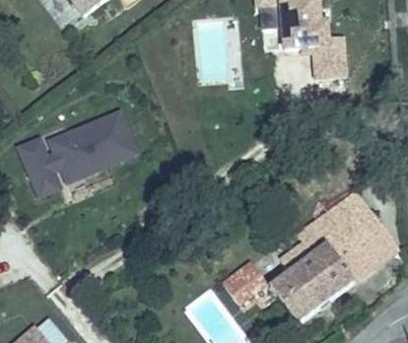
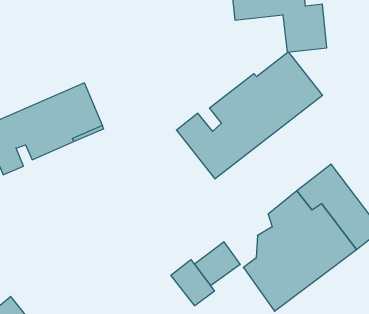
building: none -> [176,52,322,179]
building: none -> [171,260,214,306]

